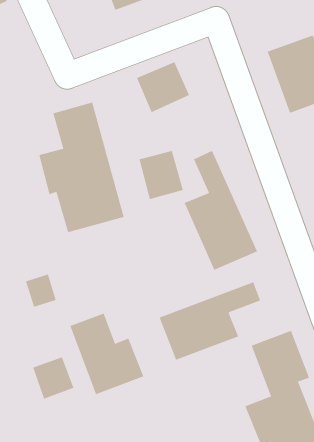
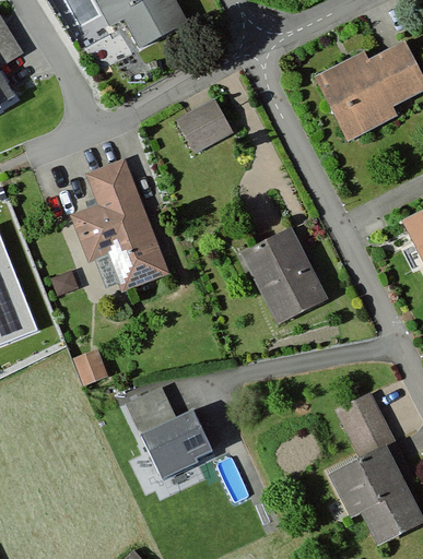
building: [139,150,184,200] -> none
building: [159,282,261,361] -> none
building: [32,356,74,400] -> none

